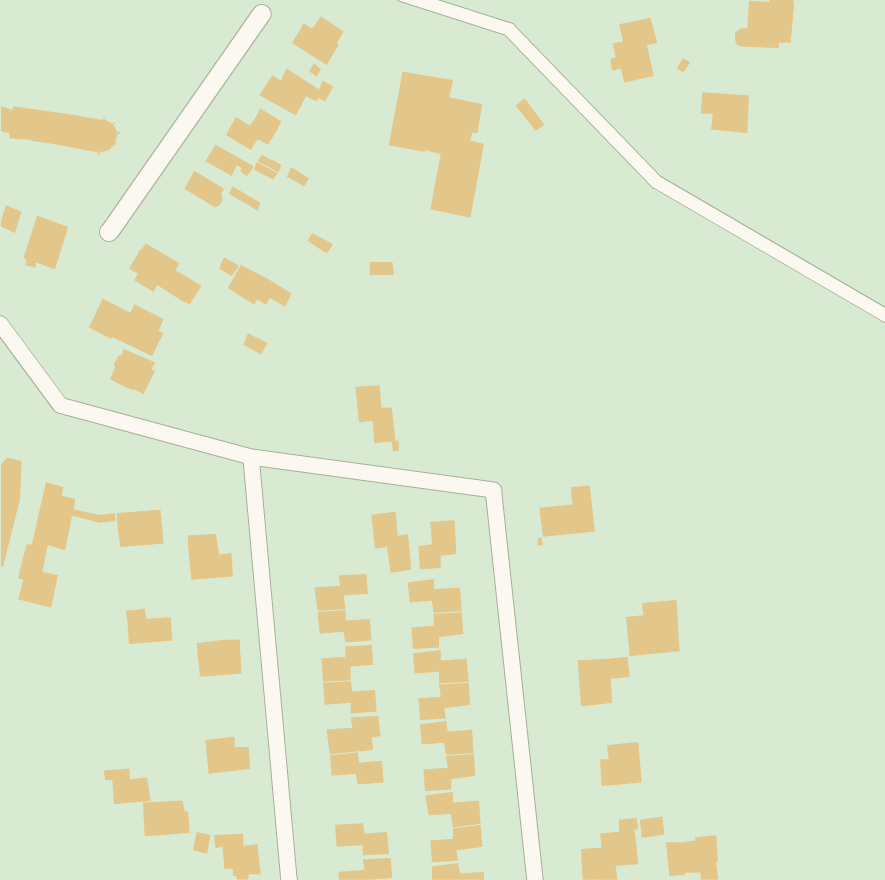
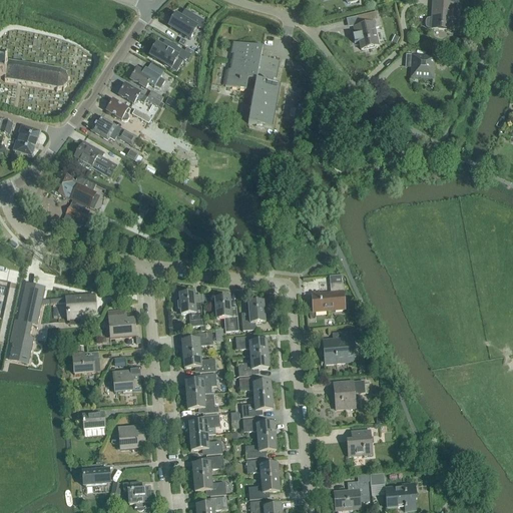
building: [227,264,293,307] -> [91,115,129,140]
building: [355,385,400,452] -> [179,292,205,331]
building: [625,599,681,657] -> [323,330,355,363]
building: [103,768,151,805] -> [77,408,105,429]
building: none -> [192,455,223,477]

